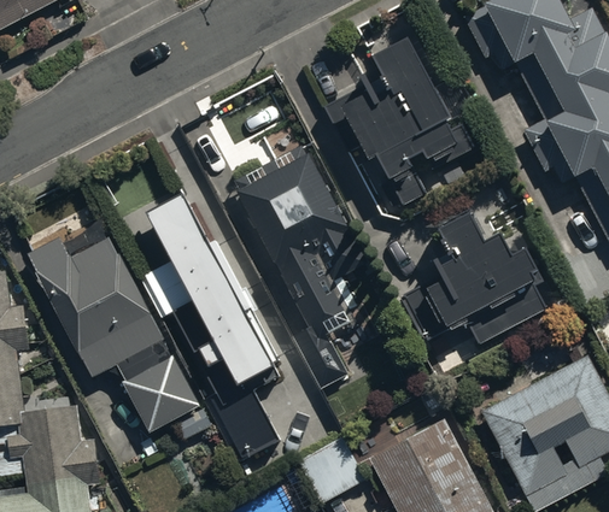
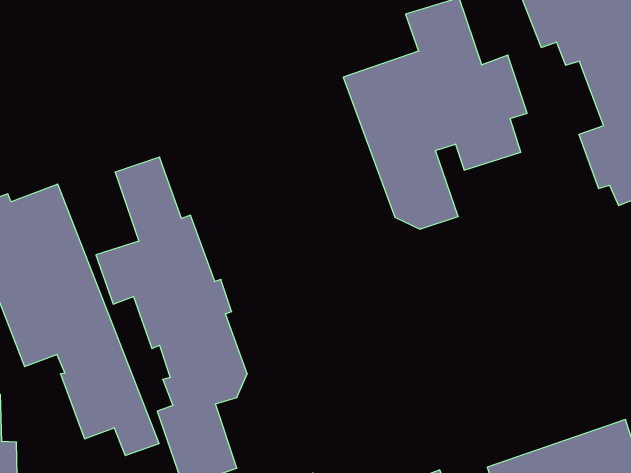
building: [232,143,367,386] -> none
building: [400,202,544,340] -> none

